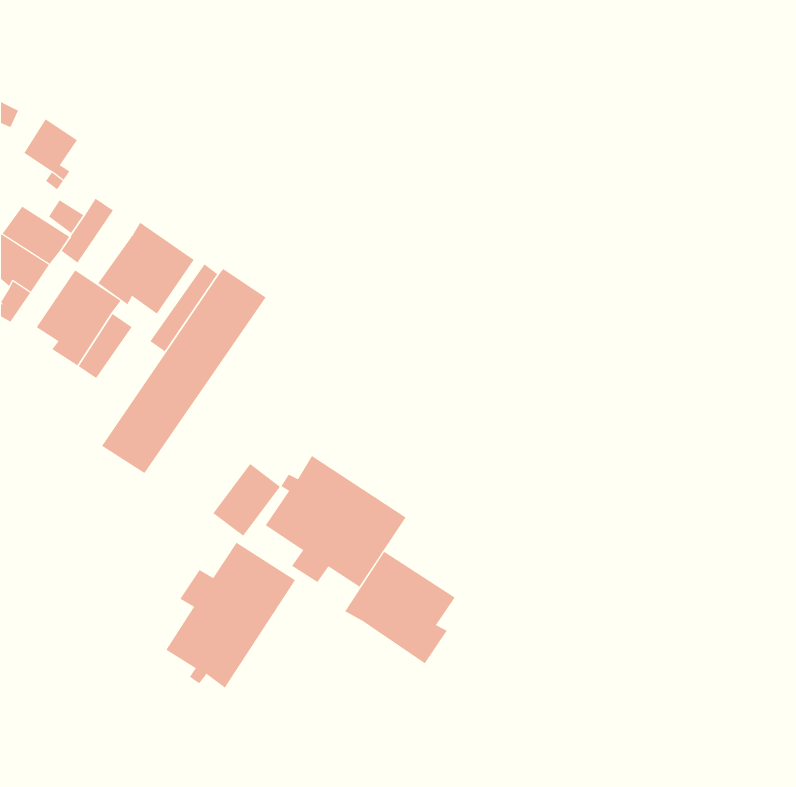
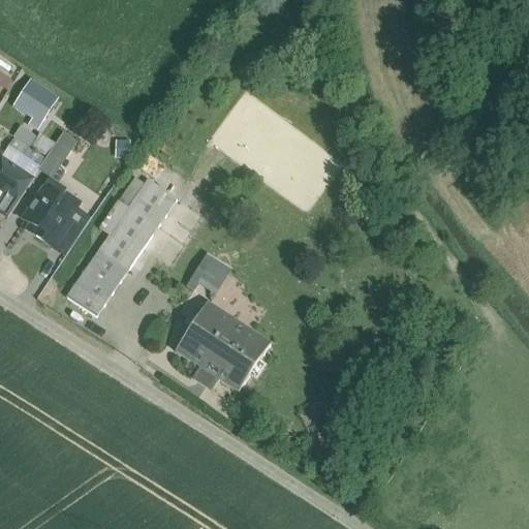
building: [97,222,194,314] -> none
building: [212,463,281,537] -> [188,250,234,299]
building: [165,542,296,688] -> none
building: [345,551,456,664] -> none

